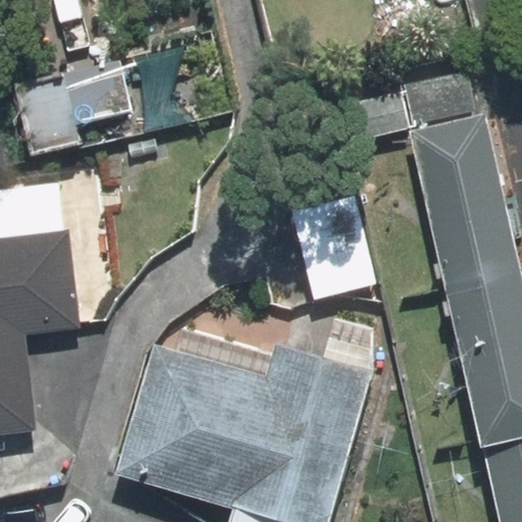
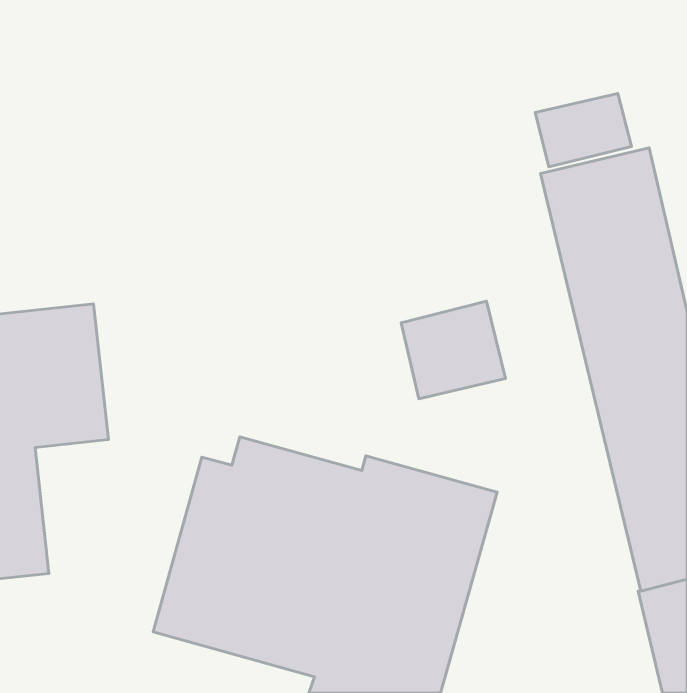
building: [18,61,136,151] -> none

